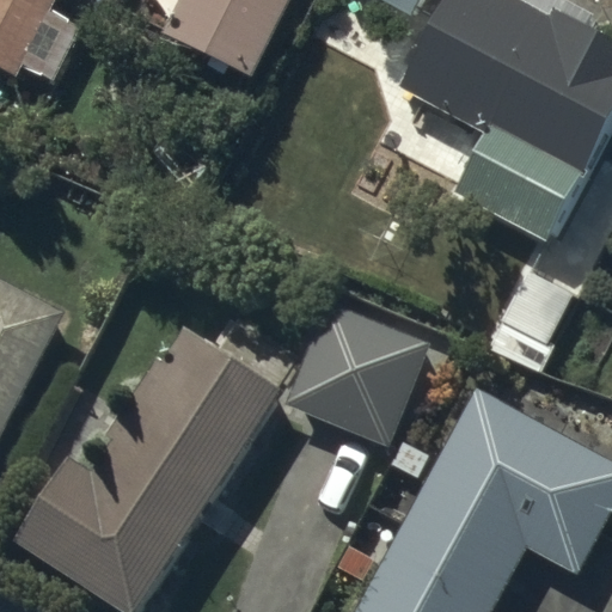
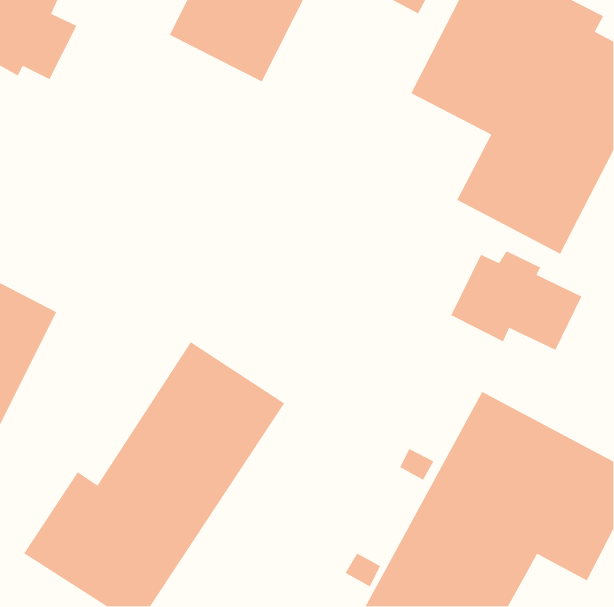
building: [290,306,429,446] -> none

